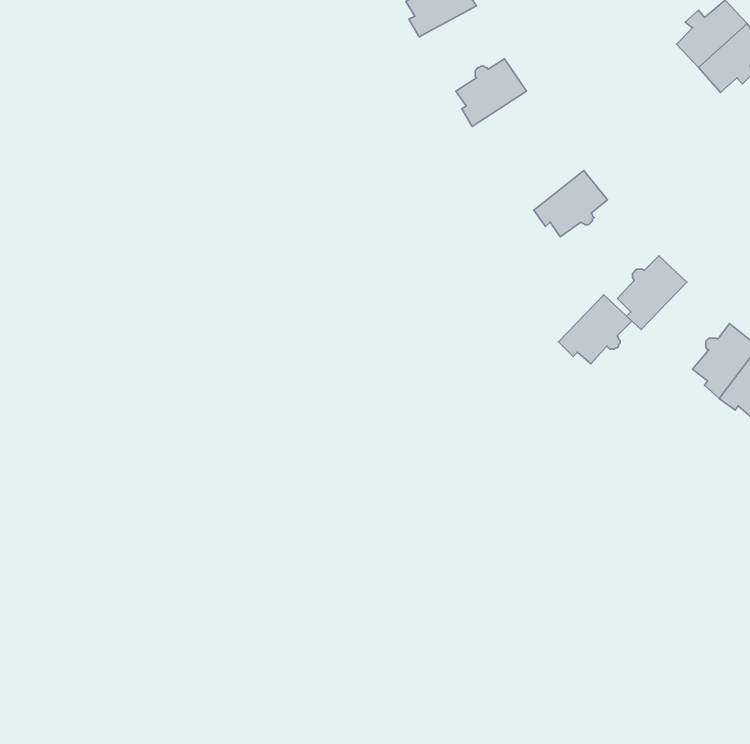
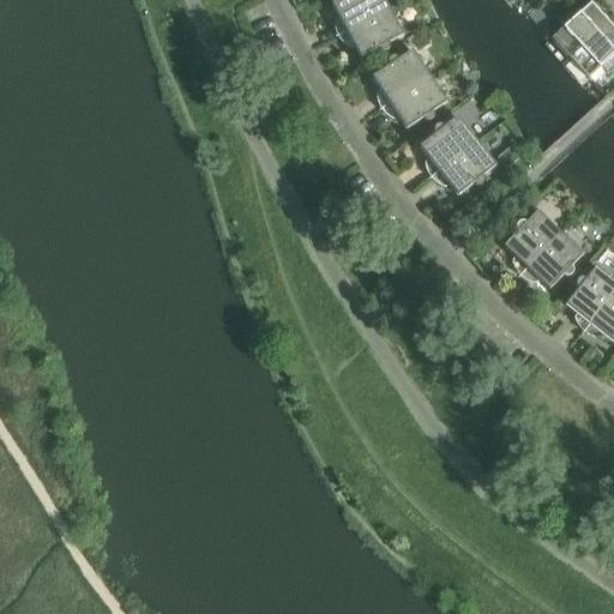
building: none -> [343,5,404,55]
building: none -> [386,74,447,127]
building: none -> [420,114,477,171]
building: [558,295,632,364] -> [524,230,584,287]

